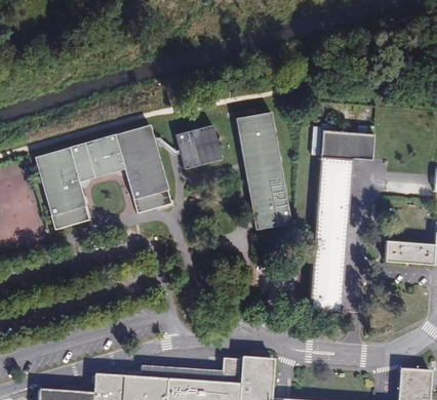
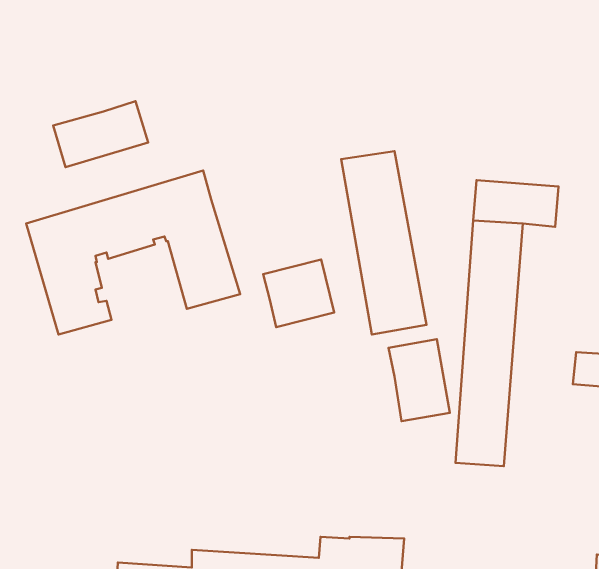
building: none -> [53,101,148,167]
building: [177,124,223,167] -> [263,260,334,327]
building: none -> [389,339,450,421]

